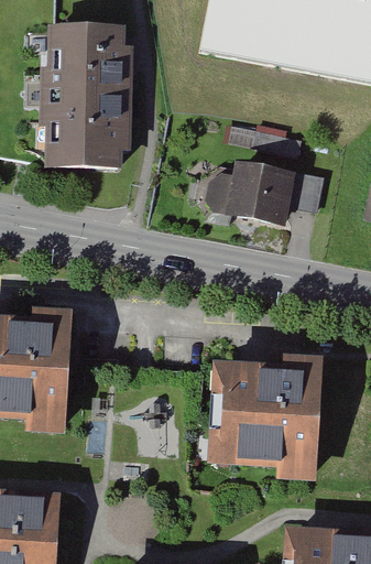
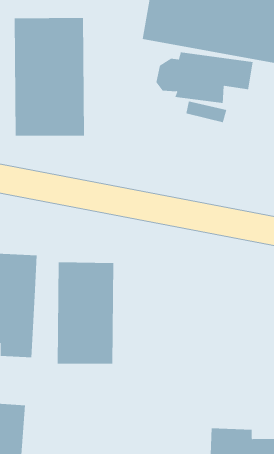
building: [205,163,324,226] -> [155,52,254,104]
building: none -> [57,262,114,364]
building: [214,352,324,476] -> none

